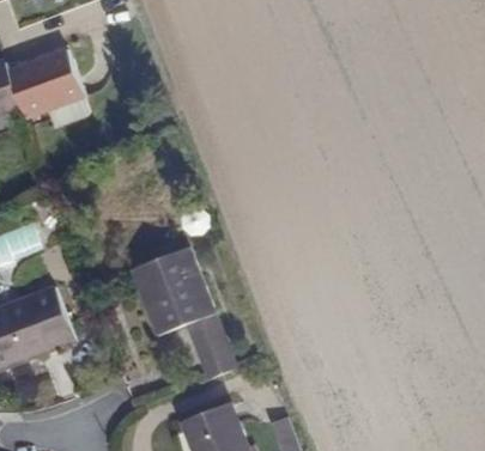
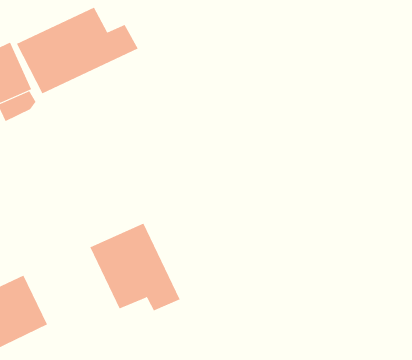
building: none -> [16,7,138,94]
building: [188,324,234,376] -> none

